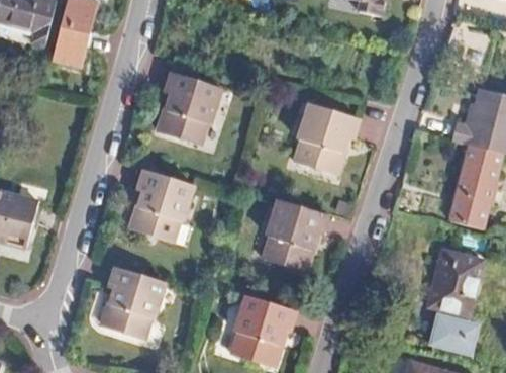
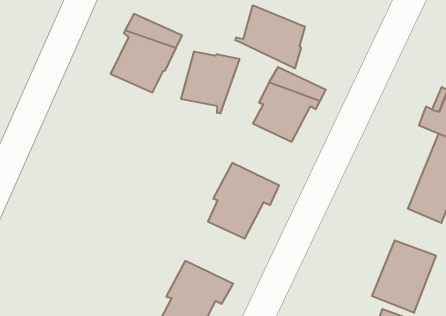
building: none -> [235,5,305,68]
building: none -> [181,51,239,113]
building: [133,170,194,240] -> none
building: [105,267,166,338] -> none

